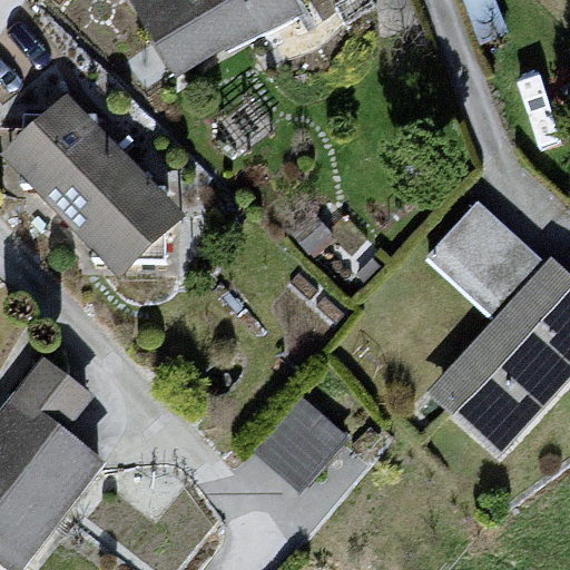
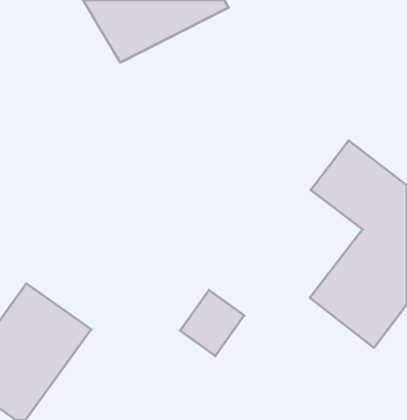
building: [22,90,209,278] -> none

